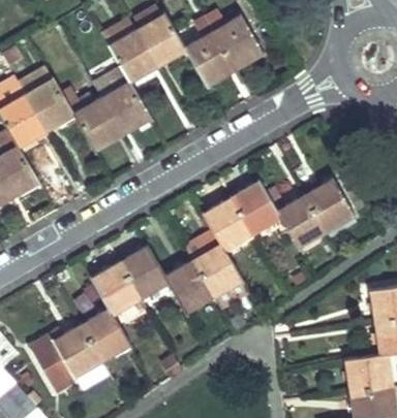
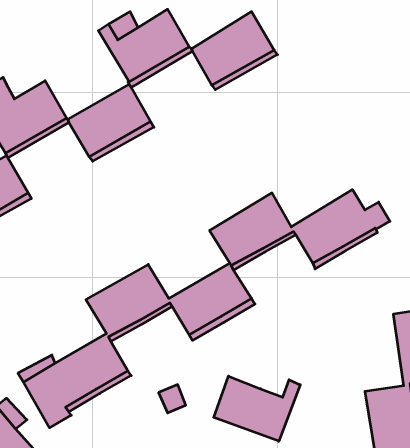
building: none -> [214,376,300,441]

